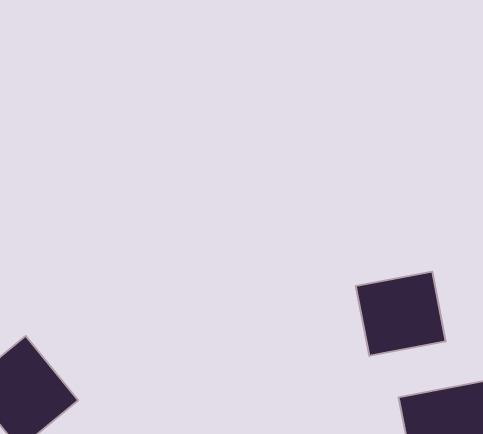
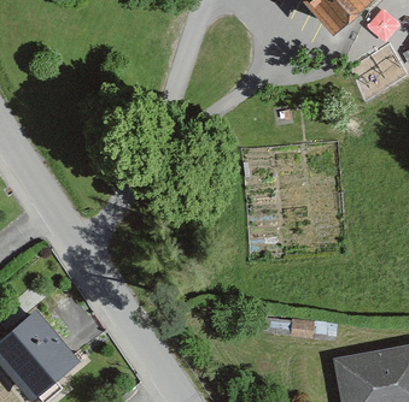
building: [356,272,446,356] -> none

